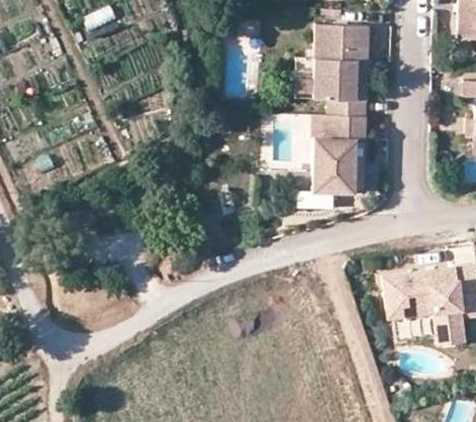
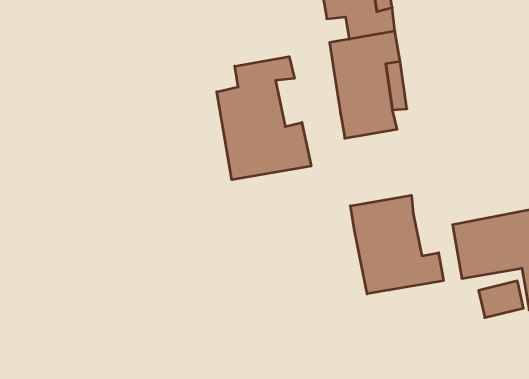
building: none -> [217,57,311,180]
building: none -> [350,195,443,294]

